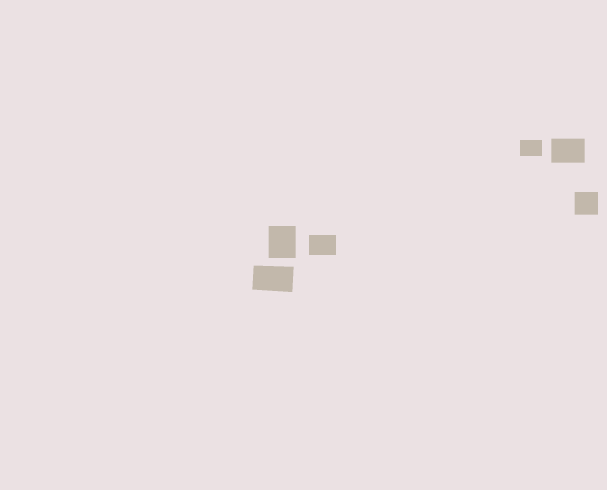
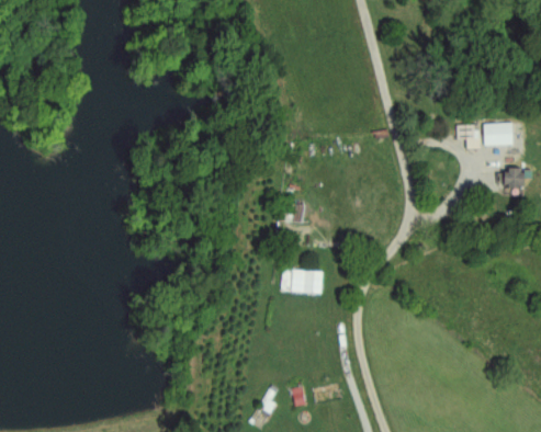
building: [268,225,296,259] -> none
building: [251,265,294,293] -> [286,270,323,293]

